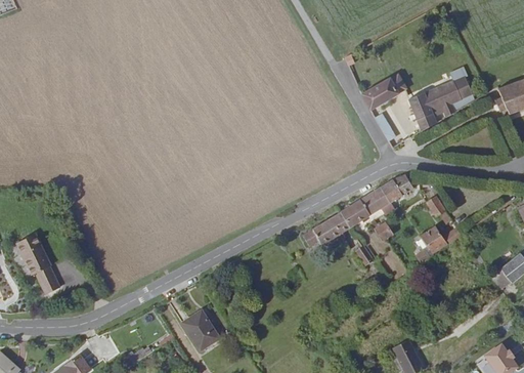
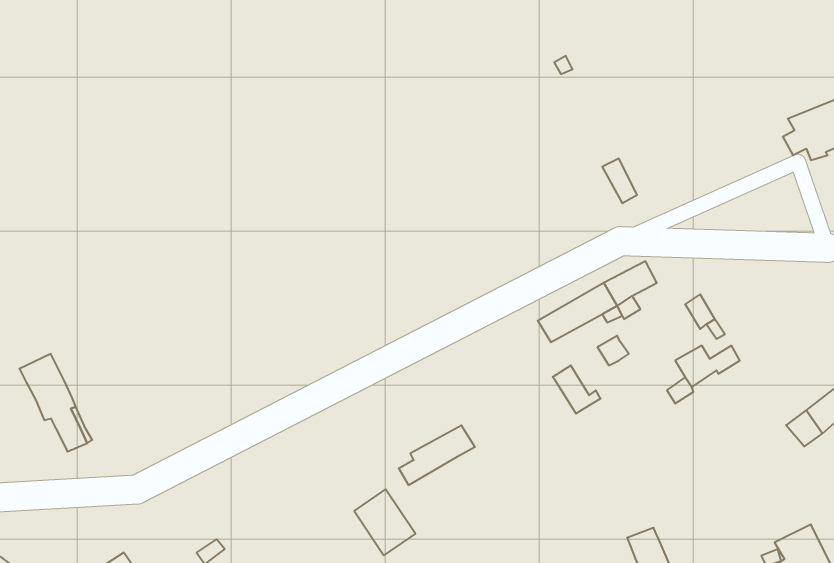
building: [408,77,462,129] -> none
building: [363,78,404,108] -> none
building: [298,213,345,250] -> [399,425,475,485]
building: [181,312,219,353] -> [354,489,415,555]

